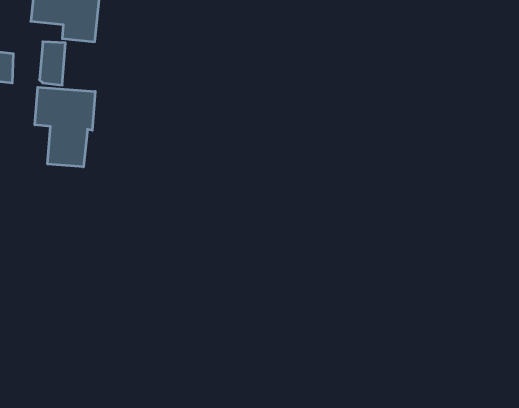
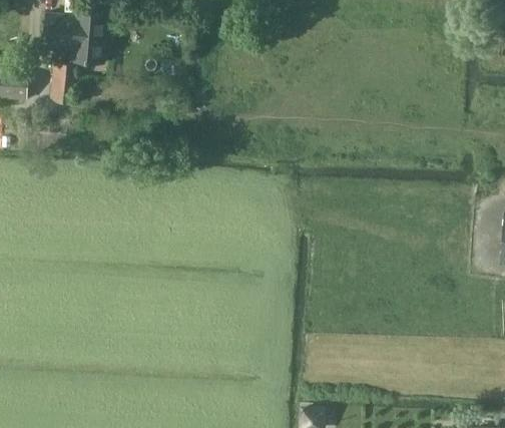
building: [35,87,95,167] -> none

